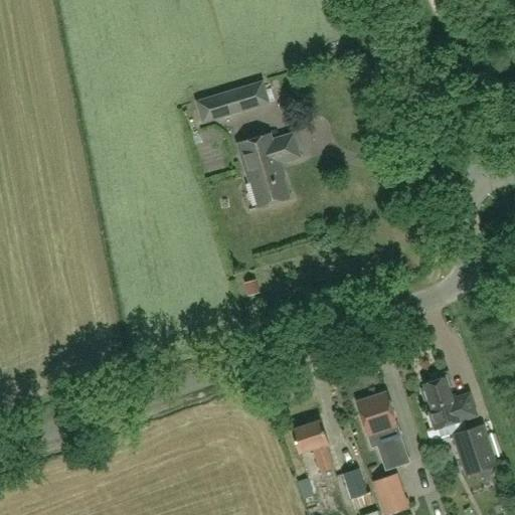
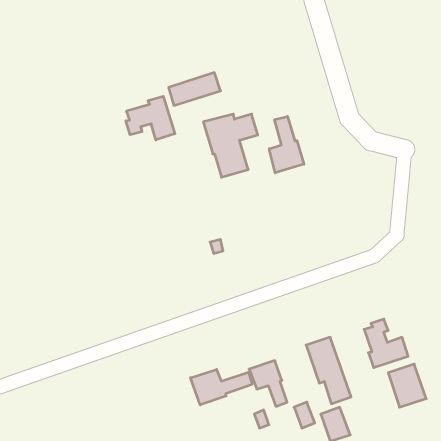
building: none -> [126,96,175,140]
building: none -> [269,116,304,173]
building: none -> [190,369,252,405]

